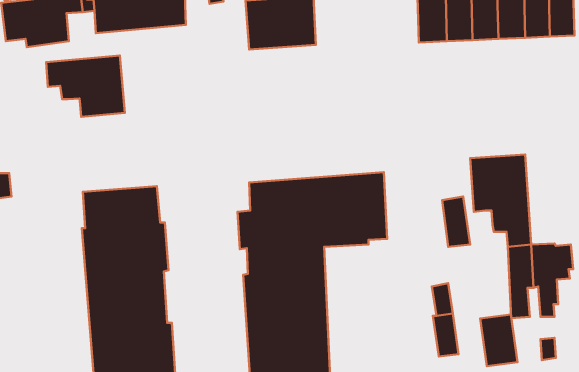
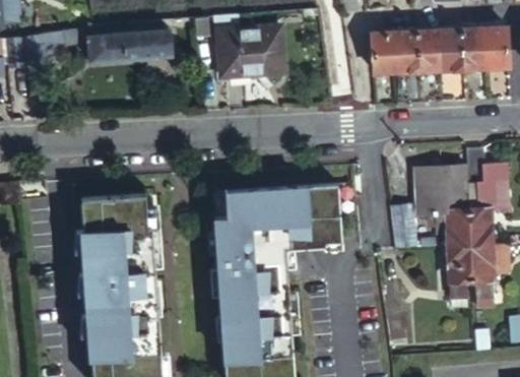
building: [46,56,125,117] -> none
building: none -> [462,150,504,248]
building: [480,315,518,366] -> none

